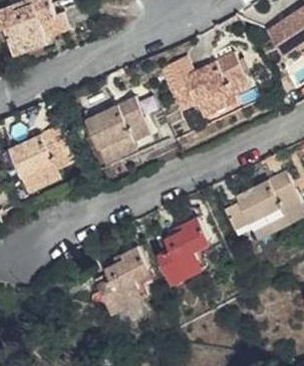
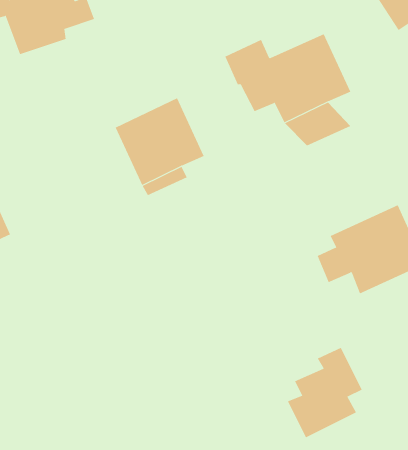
building: [10,128,71,192] -> none
building: [158,216,211,280] -> [287,347,363,438]
building: [100,248,155,311] -> none

